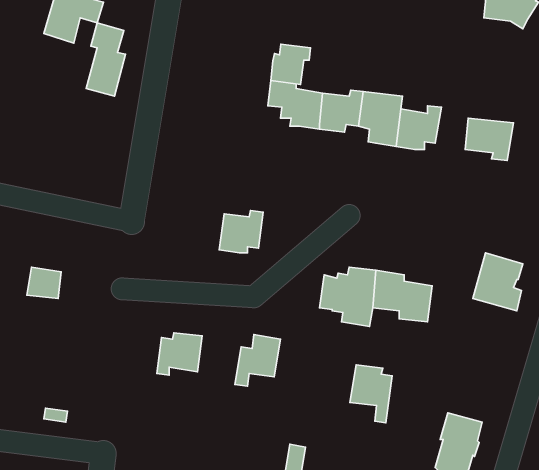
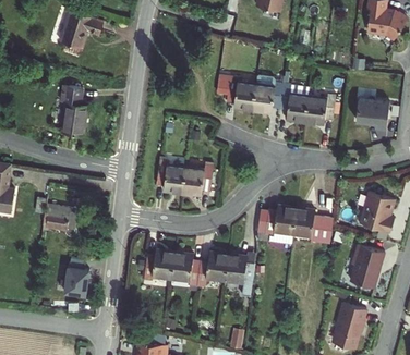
building: [86,23,125,96] -> [55,81,82,132]
building: [271,44,311,84] -> none
building: none -> [158,159,188,192]
building: none -> [351,247,385,290]
building: none -> [169,252,200,285]
building: none -> [62,254,87,291]
building: [350,365,392,423] -> [222,254,252,294]

